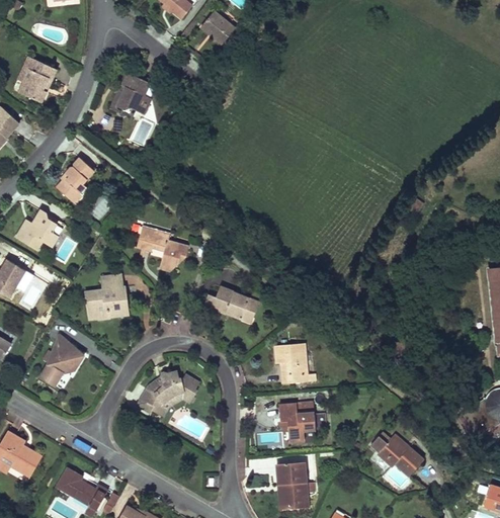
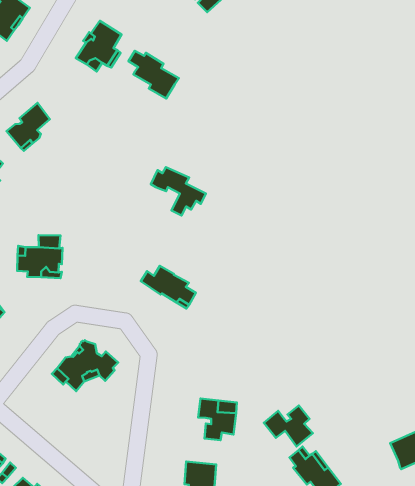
building: none -> [129,51,179,99]
building: [137,229,189,271] -> [151,167,206,216]
building: [274,343,310,383] -> none
building: none -> [264,405,313,446]

